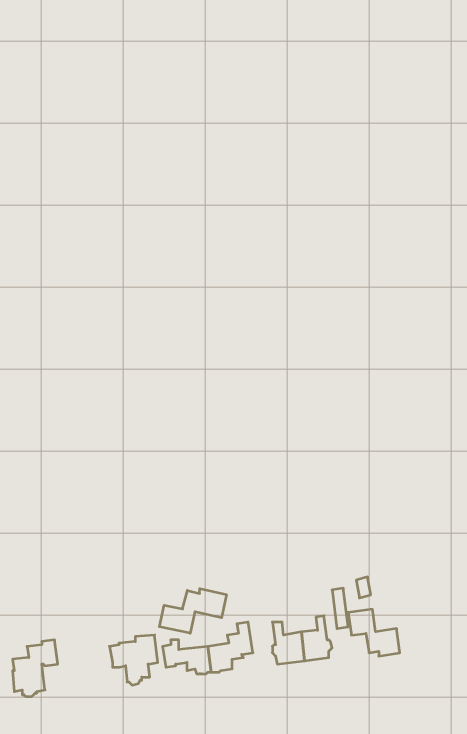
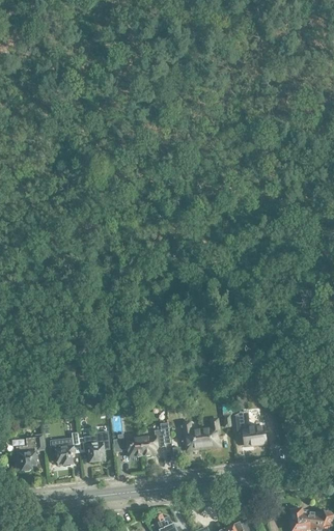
building: [159,589,226,633] -> none
building: none -> [50,432,80,467]

